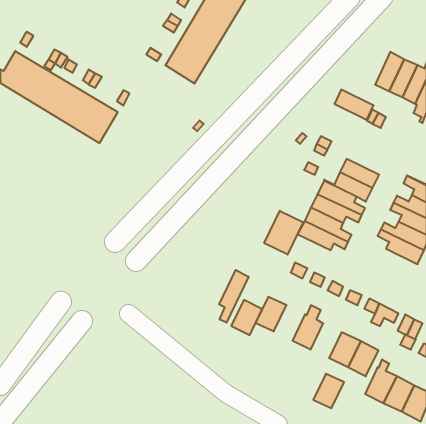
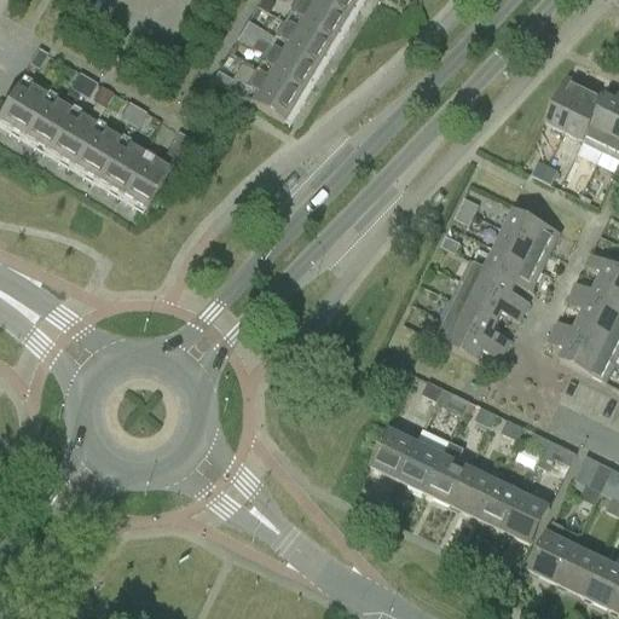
building: [334,90,374,120] -> [503,209,560,253]
building: [264,211,303,255] -> none
building: [219,270,249,323] -> none
building: [231,300,262,335] -> [398,441,442,492]
building: [313,374,344,408] -> [451,468,496,517]

